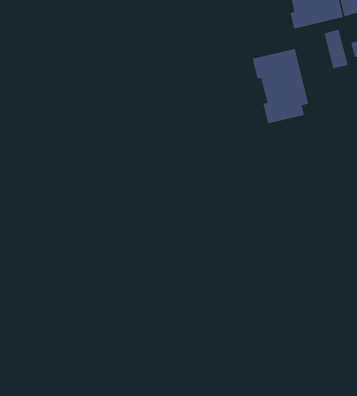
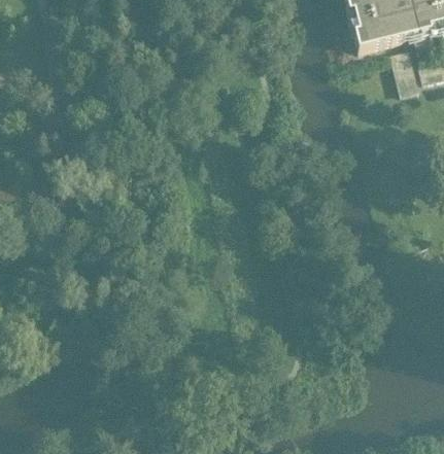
building: [252,48,309,124] -> none

